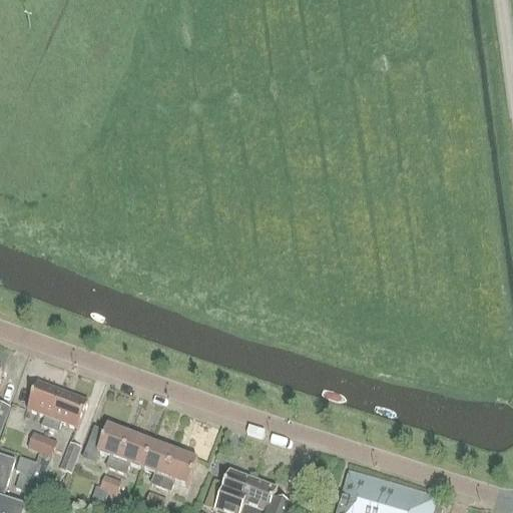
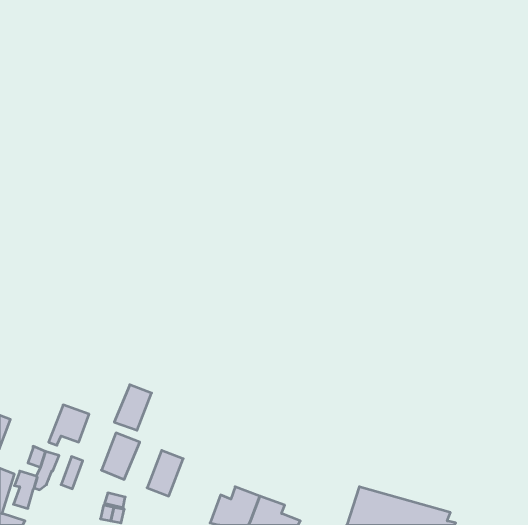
building: [25,382,61,428] -> none
building: [120,428,156,472] -> [114,385,152,430]
building: [163,444,199,488] -> none

